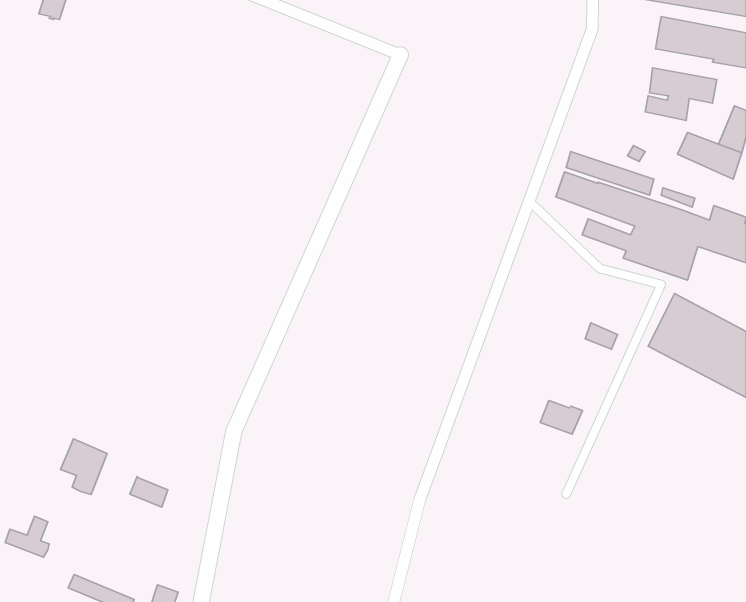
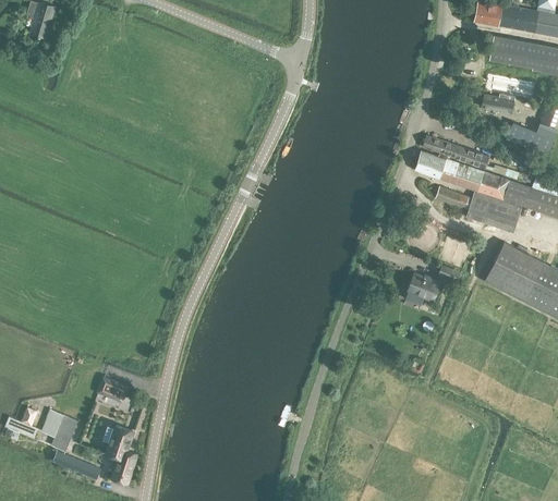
building: [540,400,583,434] -> [408,274,439,300]
building: [60,439,107,494] -> [43,410,77,451]
building: none -> [102,426,137,463]

